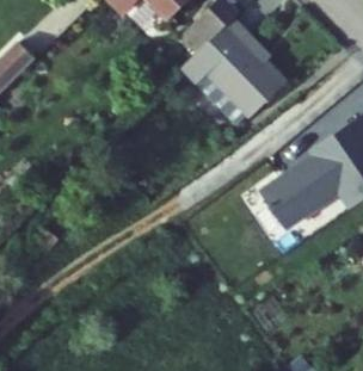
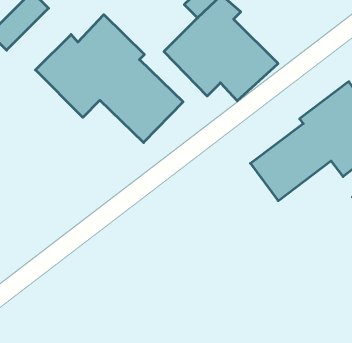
building: none -> [35,15,183,143]

